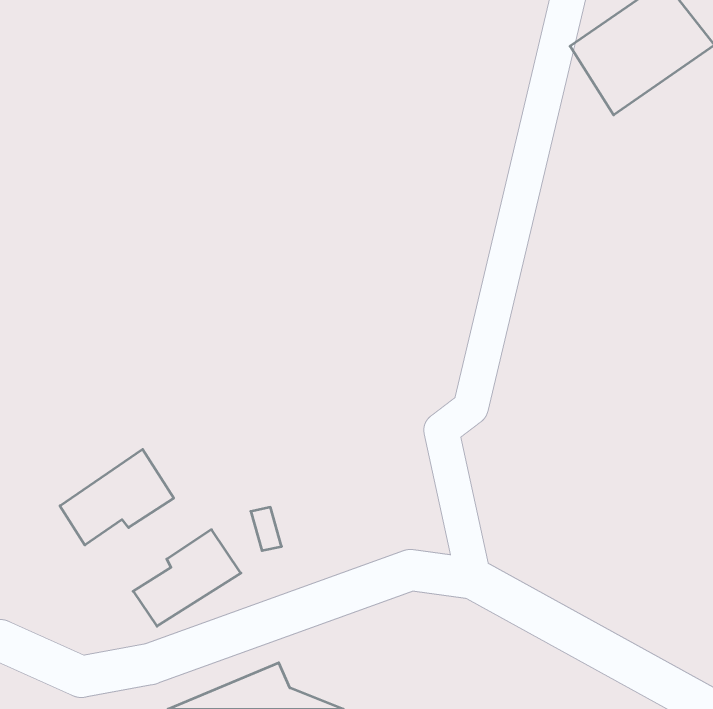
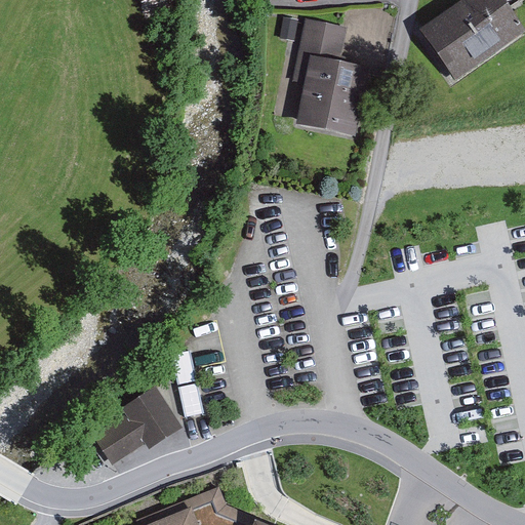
building: none -> [287,21,364,139]
building: [60,449,174,545] -> none

